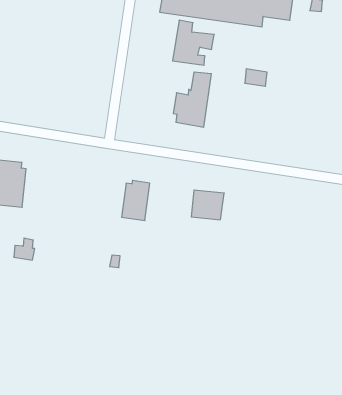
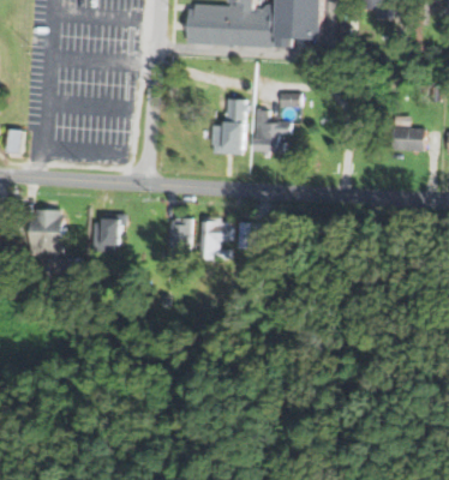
building: [173,20,214,65] -> [253,109,293,152]
building: none -> [94,218,120,252]
building: none -> [200,217,233,259]

